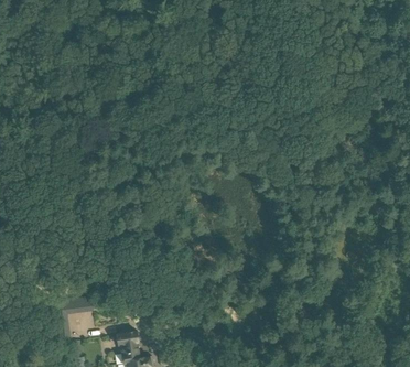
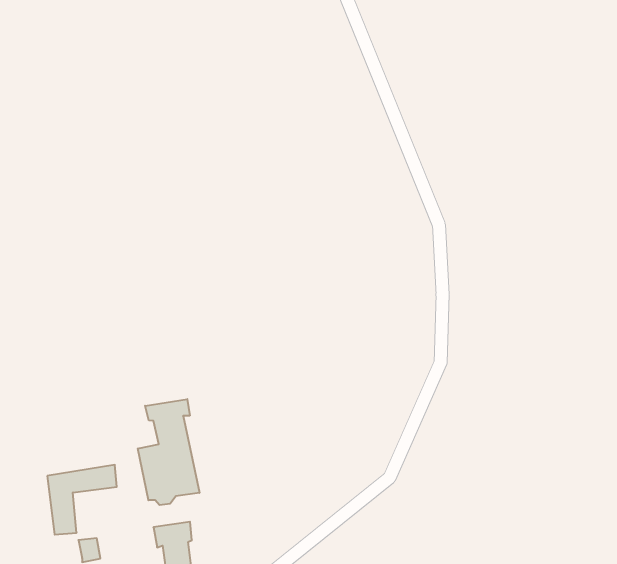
building: none -> [138,399,199,505]

